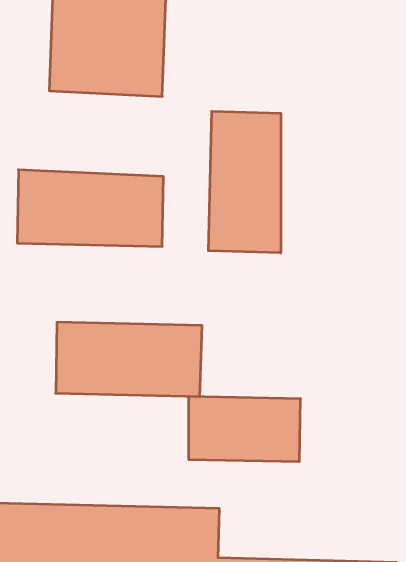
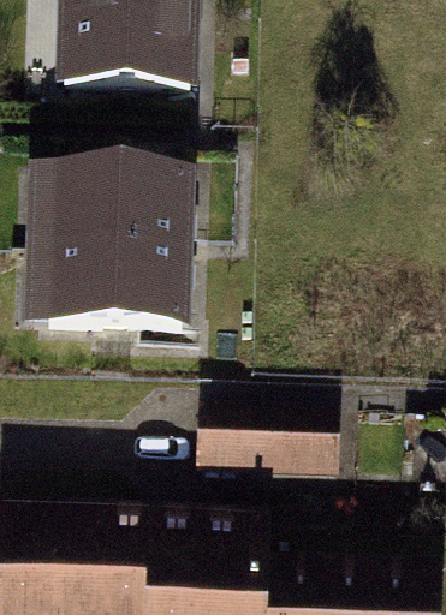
building: [208,111,281,253] -> none
building: [56,322,202,397] -> [30,257,184,335]

